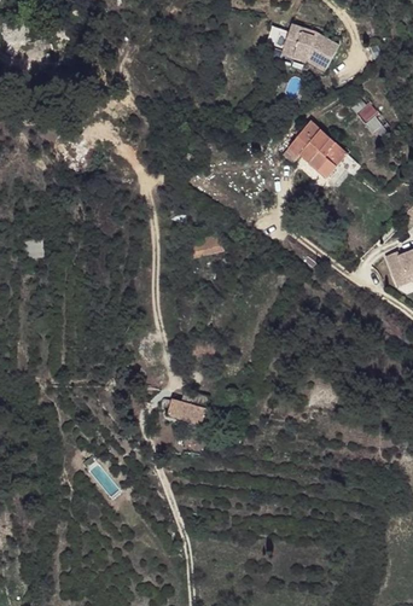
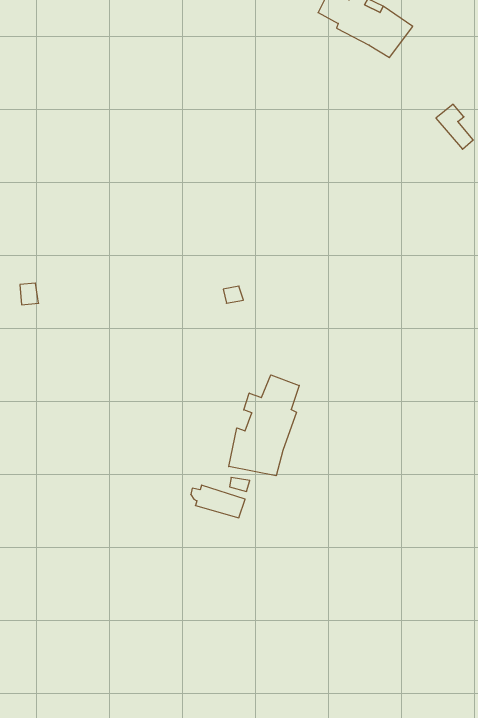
building: [285,122,344,177] -> none
building: none -> [229,375,299,476]

